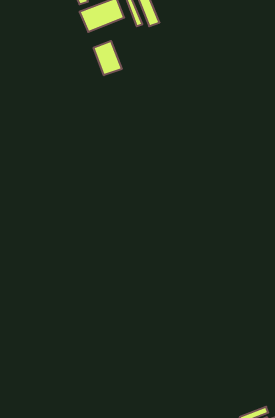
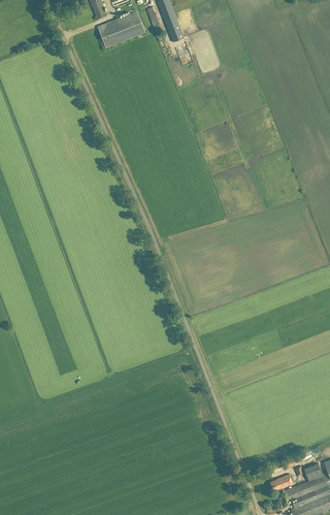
building: [94,41,122,75] -> none

